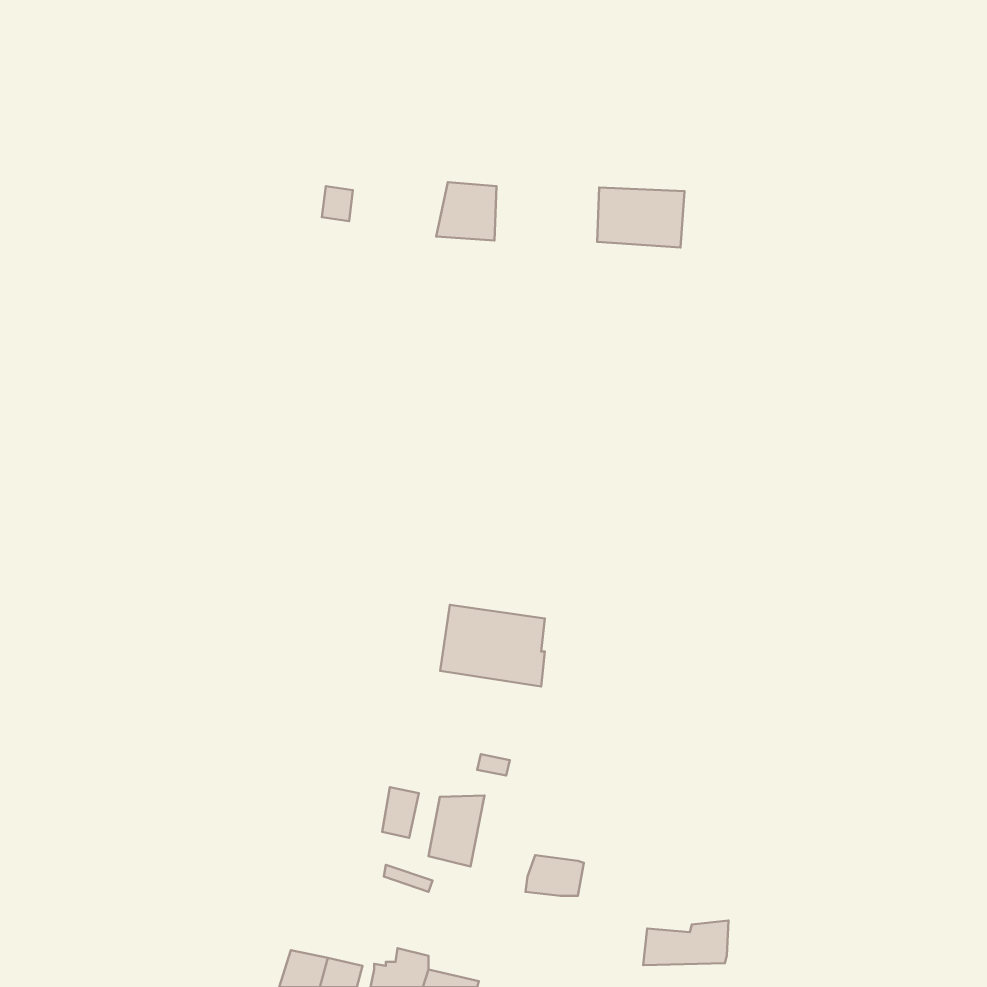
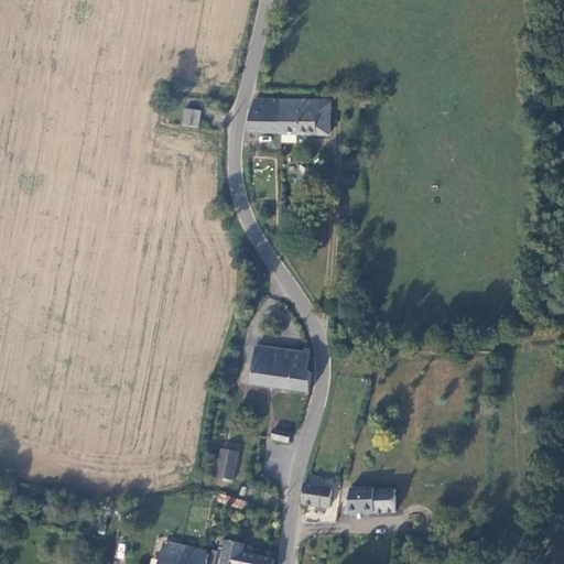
building: [597,187,684,248] -> [281,106,330,140]
building: [429,796,485,867] -> none
building: [643,921,729,965] -> [349,489,398,514]

